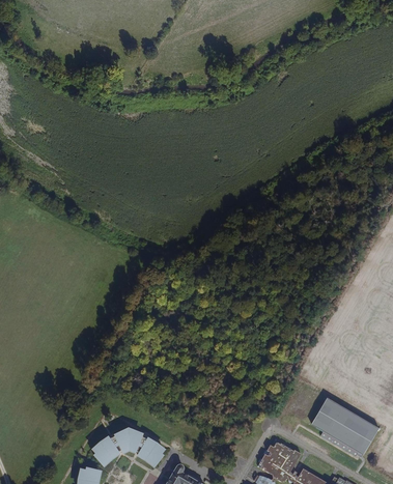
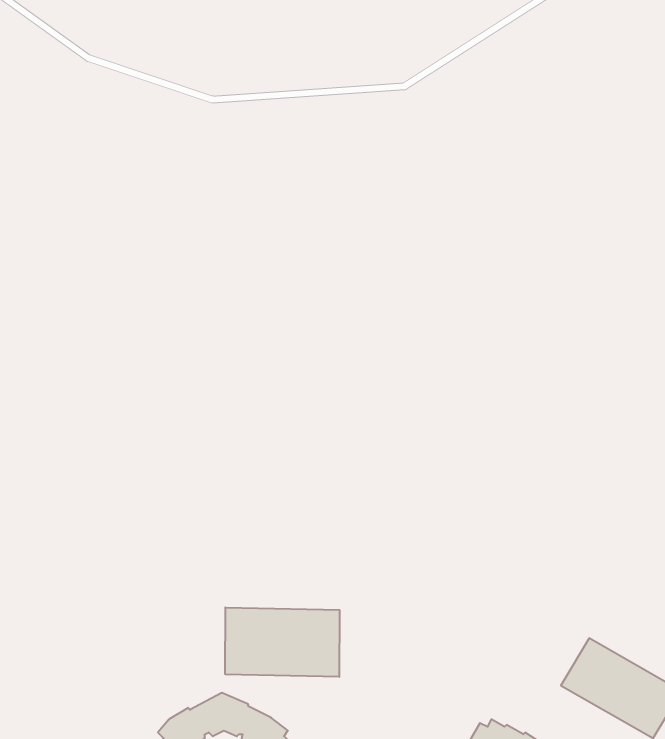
building: none -> [225,607,340,677]

